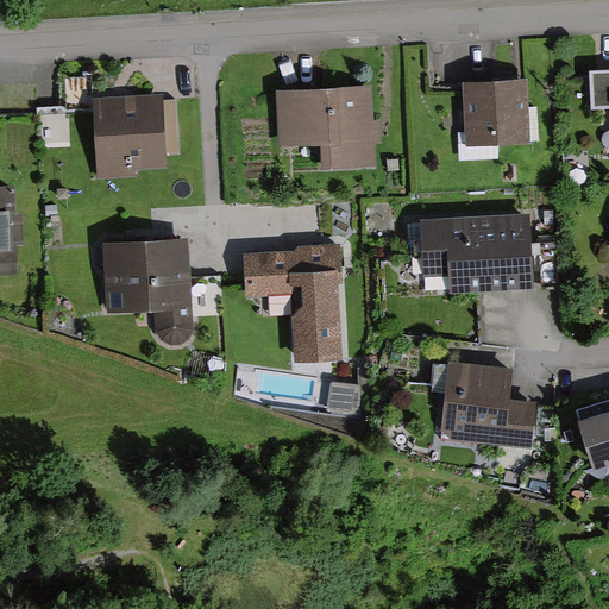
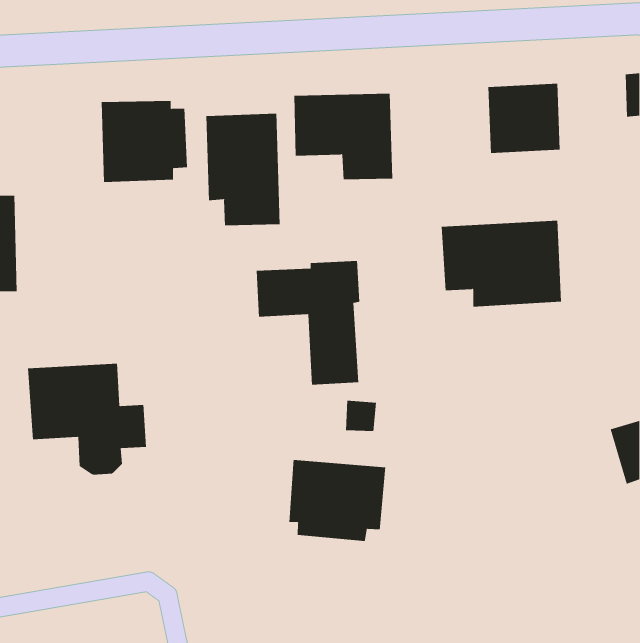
building: none -> [206,113,280,226]
building: [101,239,214,345] -> [27,363,147,475]
building: [439,363,532,447] -> none
building: none -> [289,459,386,542]

